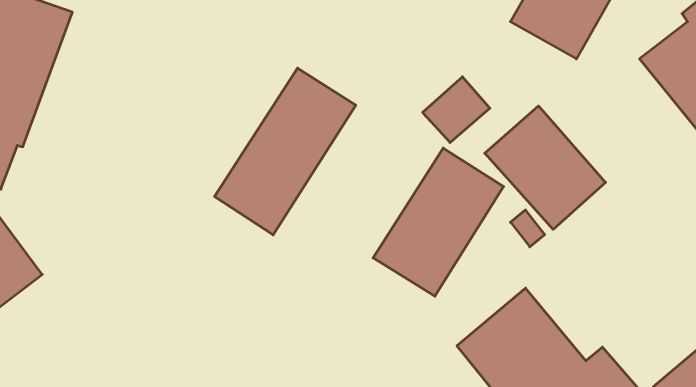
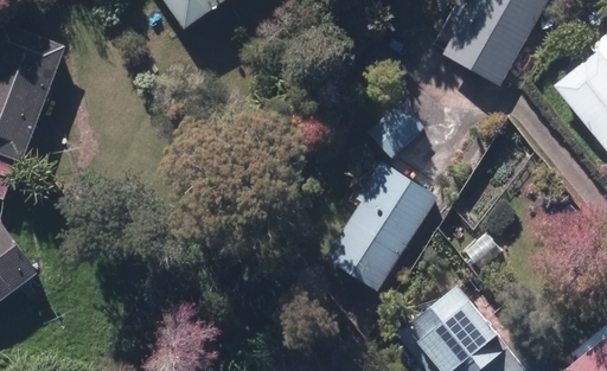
building: [215,68,356,235] -> none
building: [485,106,606,229] -> none

